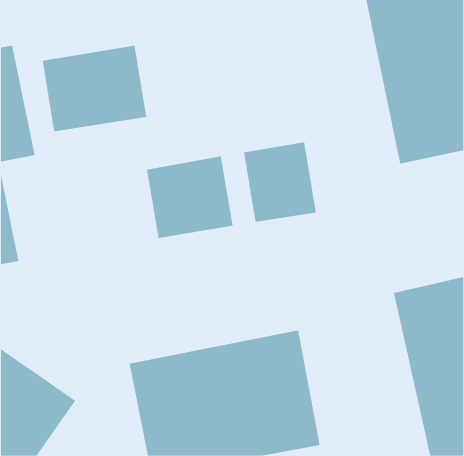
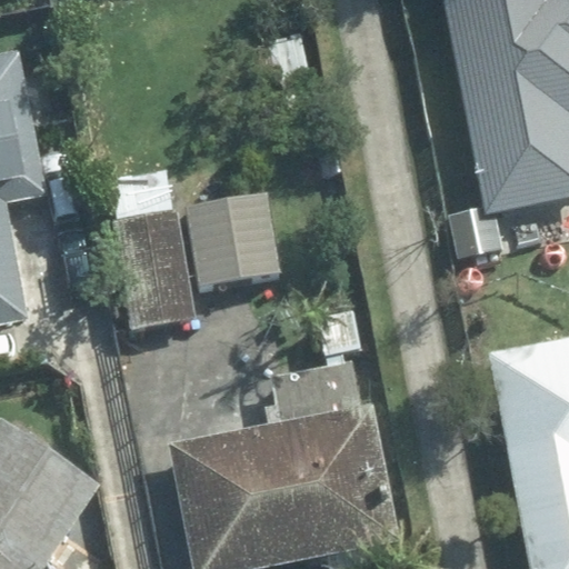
building: [42,45,147,132] -> none
building: none -> [108,163,194,333]
building: [243,142,317,223] -> none

